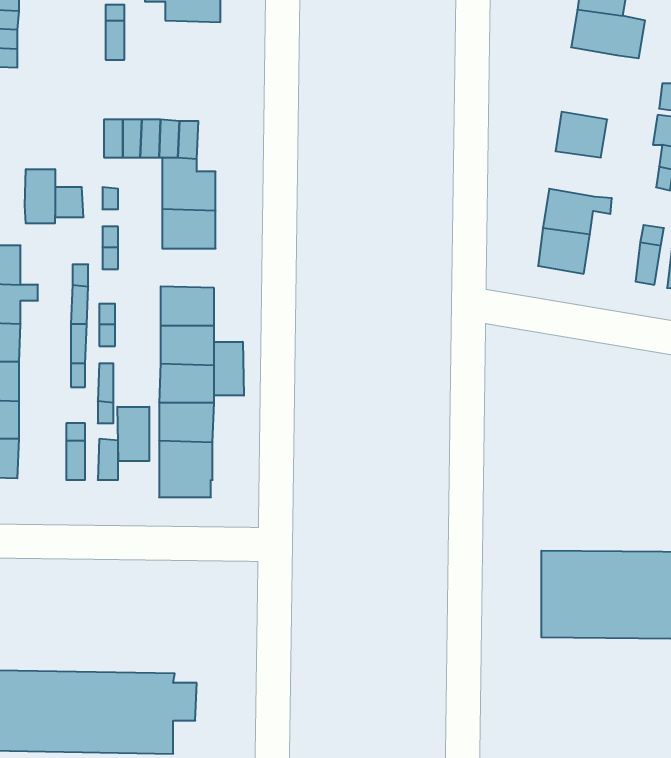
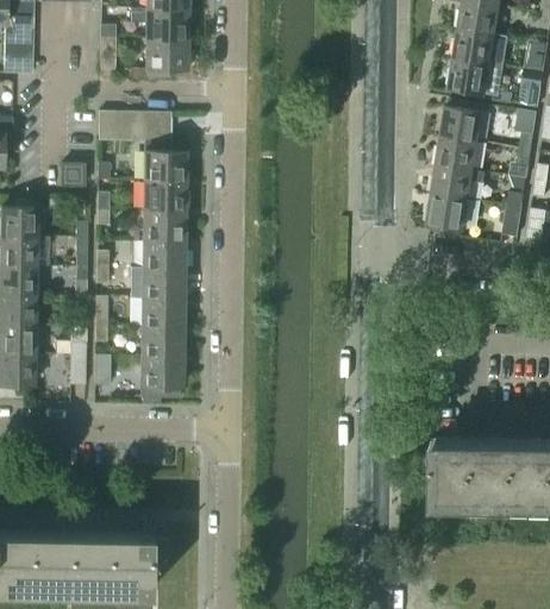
building: none -> [130,38,188,80]
building: none -> [449,58,513,103]
building: none -> [437,137,476,171]
building: [25,169,55,223] -> none
building: none -> [143,211,185,240]
building: [214,342,244,396] -> none
building: [117,407,149,461] -> none

